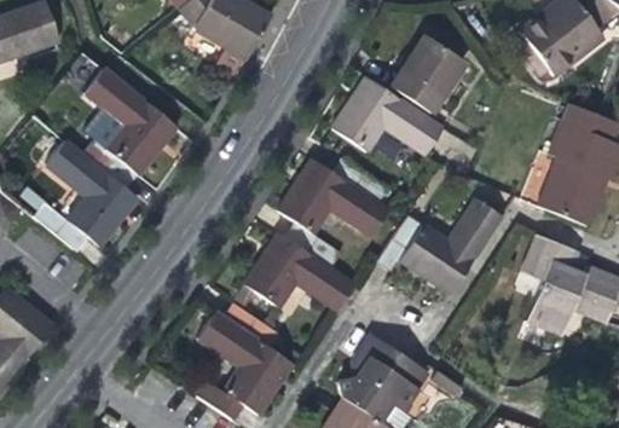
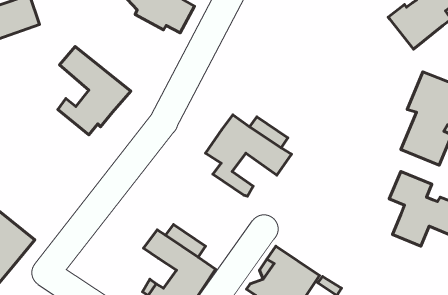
building: [393,37,458,114] -> none
building: [334,79,445,158] -> none
building: [31,139,138,250] -> none
building: [380,202,501,295] -> none
building: [243,232,358,313] -> none

